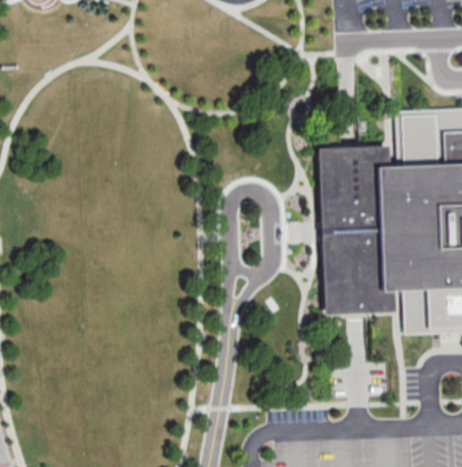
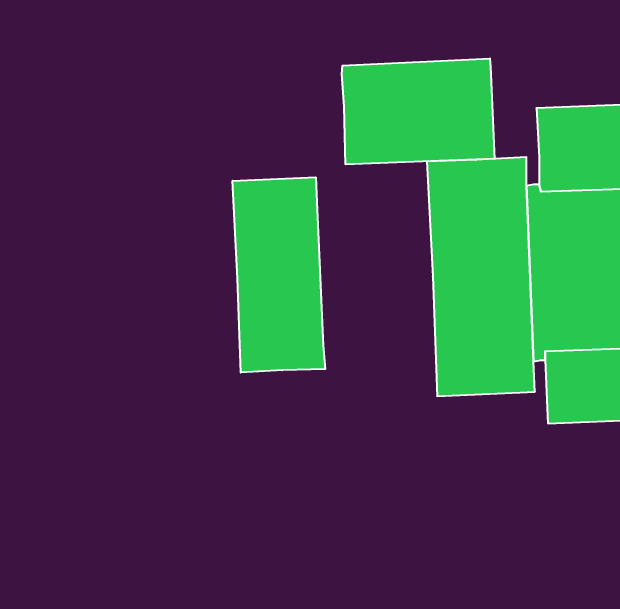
building: none -> [342,58,495,164]
building: none -> [233,177,325,373]

